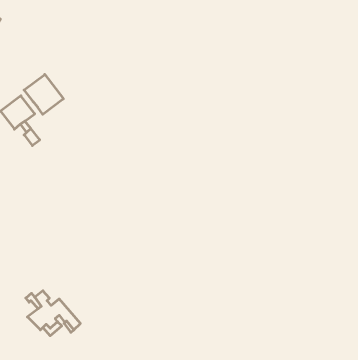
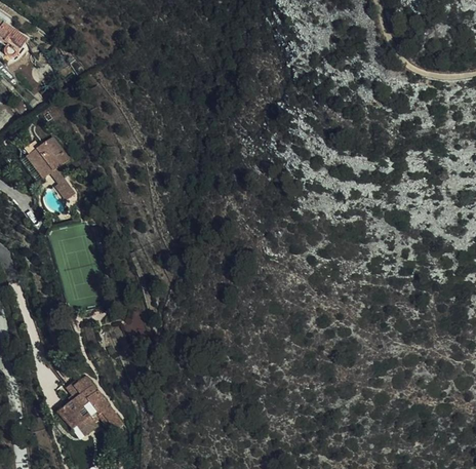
building: [24,74,63,114] -> none

